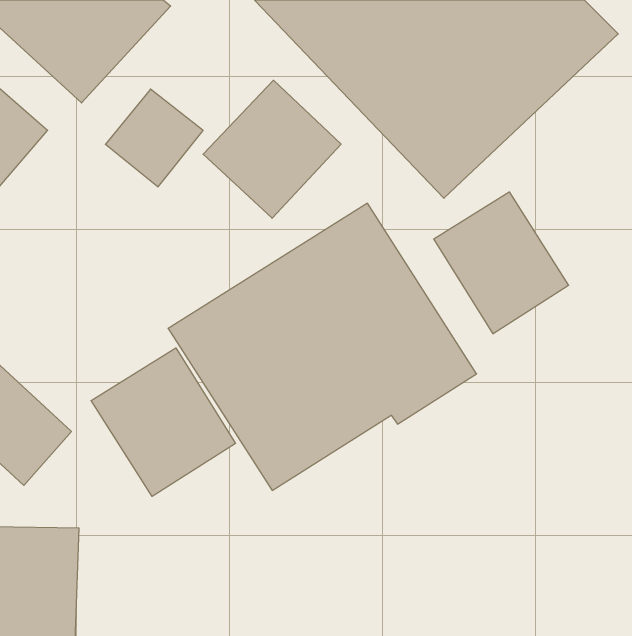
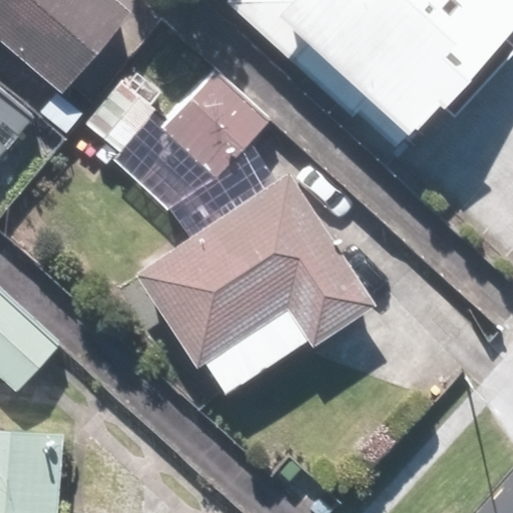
building: [434,192,569,334] -> none
building: [91,348,236,496] -> none

